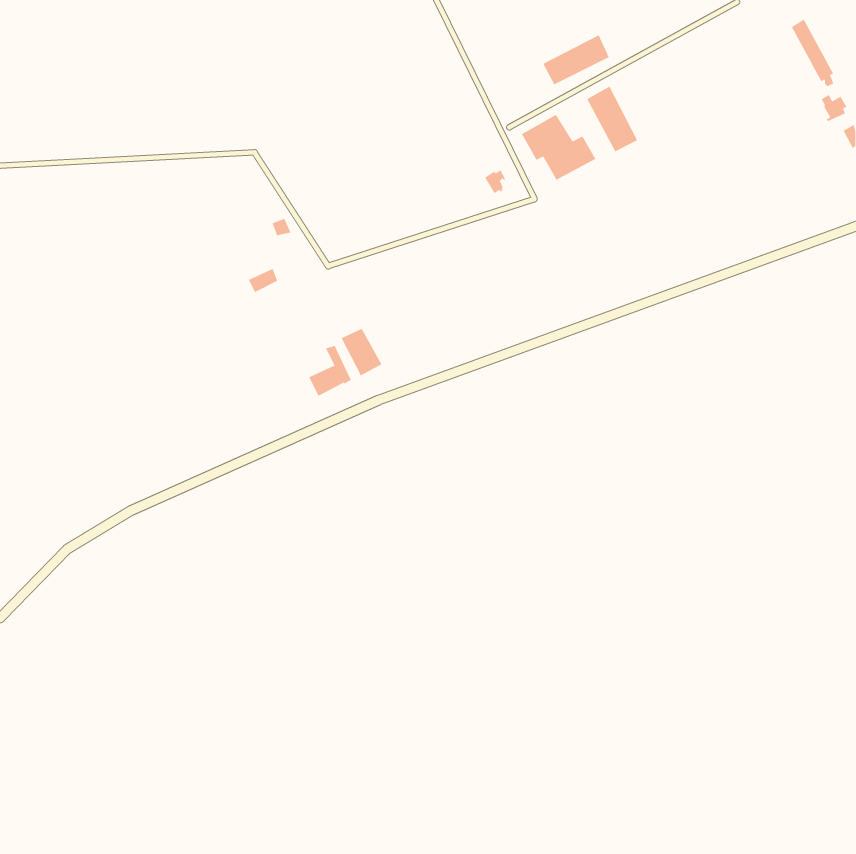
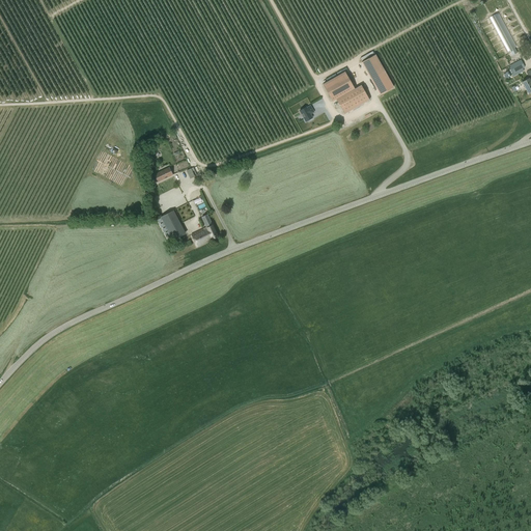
building: [542,34,610,85] -> none
building: [340,328,382,376] -> [160,209,186,240]

